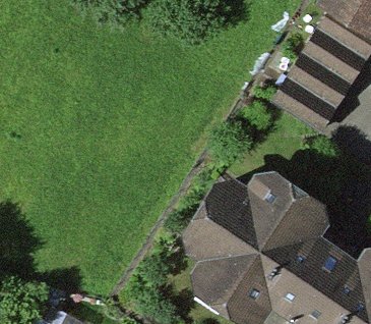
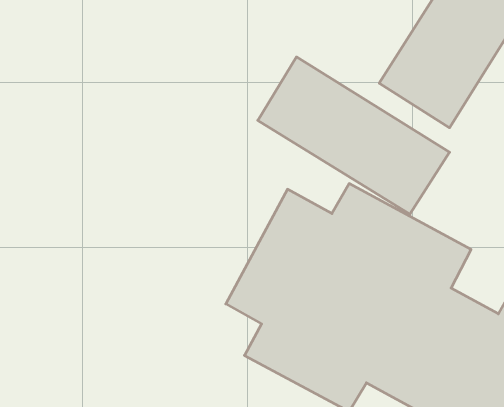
building: none -> [258,57,450,214]

